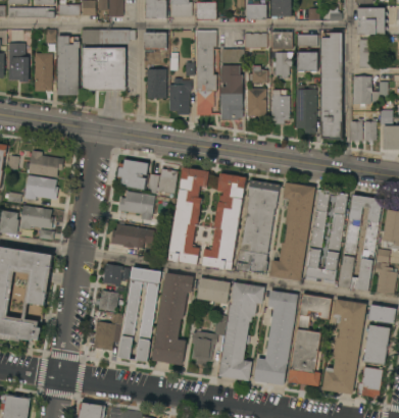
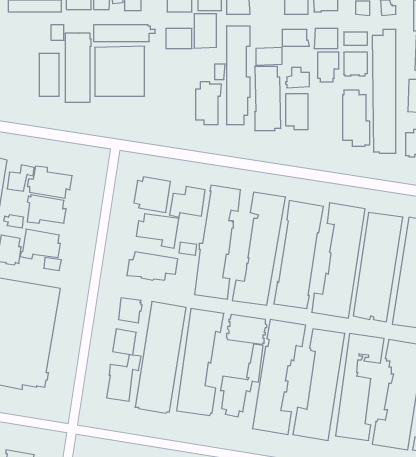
building: [7,43,30,81] -> none
building: [147,68,166,98] -> [194,14,217,48]
building: [271,90,289,123] -> none

